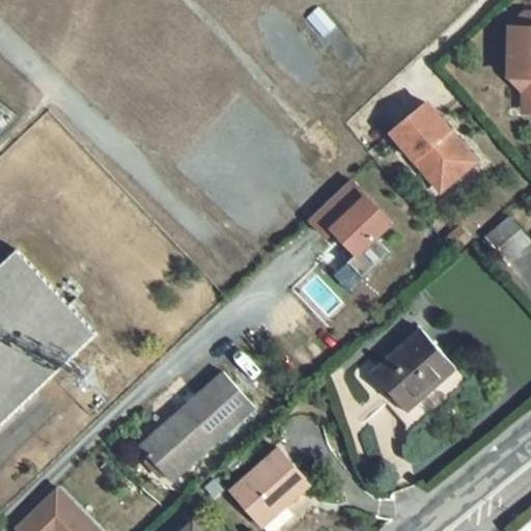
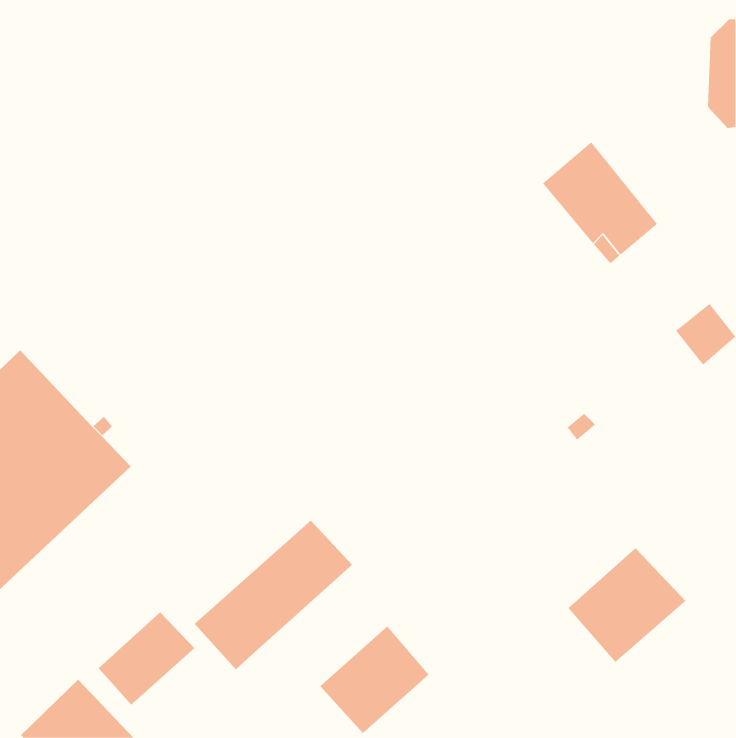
building: [307,178,392,266] -> none
building: [370,330,455,413] -> [568,547,686,663]
building: none -> [98,612,195,706]

